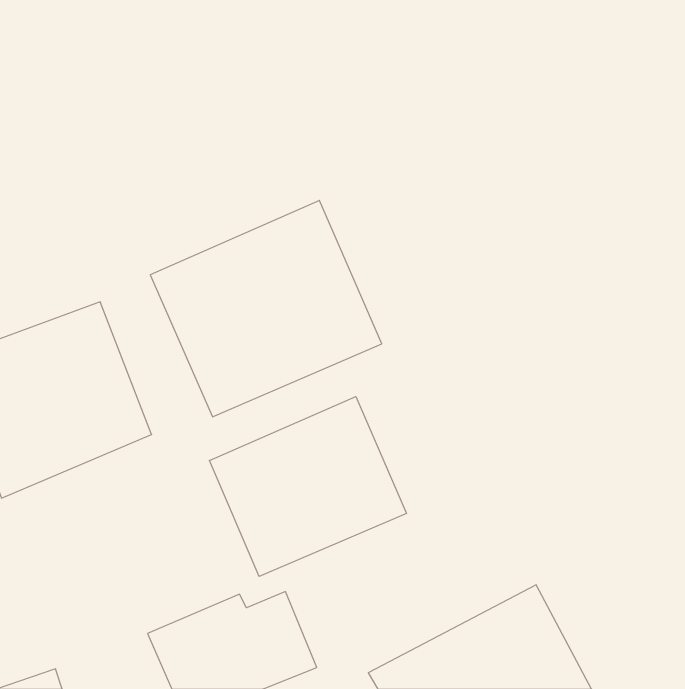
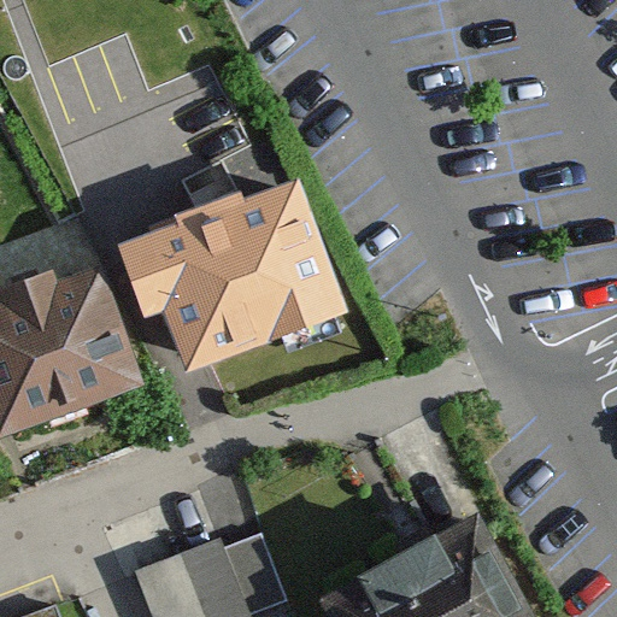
building: [209,397,406,576] -> none

